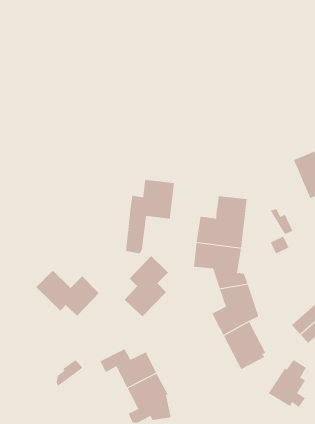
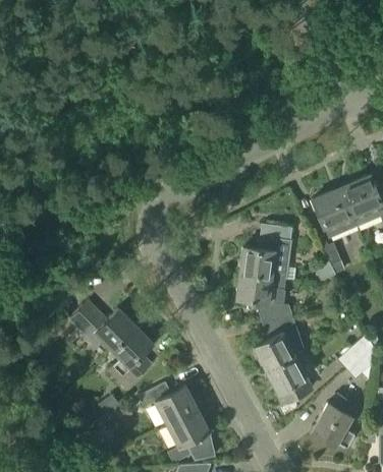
building: none -> [311,187,358,240]
building: [126,179,175,254] -> none
building: [124,255,169,317] -> [109,327,156,392]

